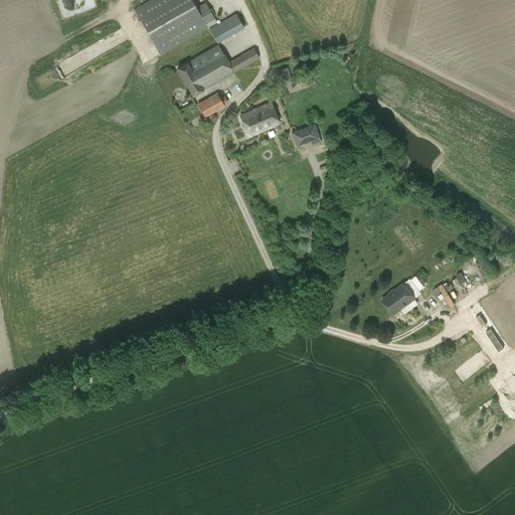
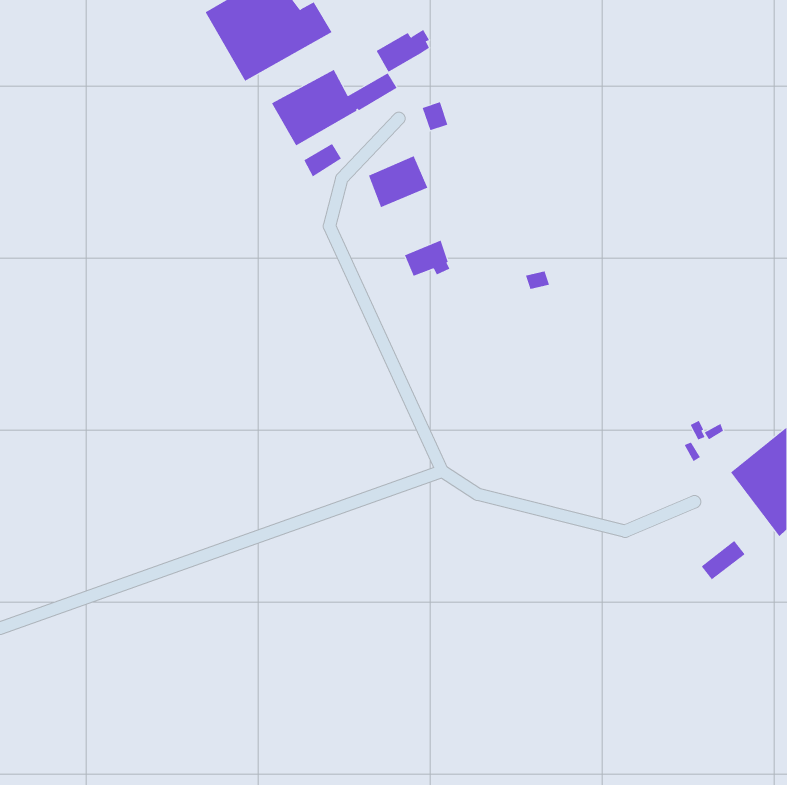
building: [208,13,243,41] -> [376,29,430,72]
building: [291,122,321,146] -> [404,240,450,277]
building: [382,282,415,314] -> none

